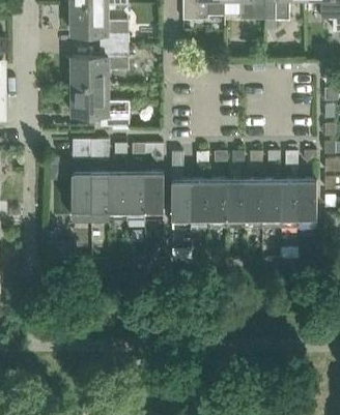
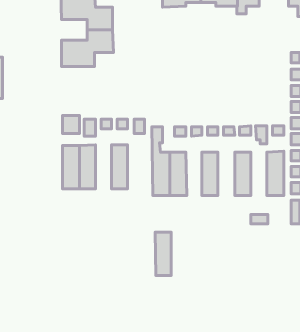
building: [72,84,129,125] -> none
building: [109,170,126,218] -> none
building: [144,170,164,218] -> none
building: [208,178,226,226] -> [155,232,171,276]
building: [244,178,262,226] -> none
building: [280,178,298,226] -> none

